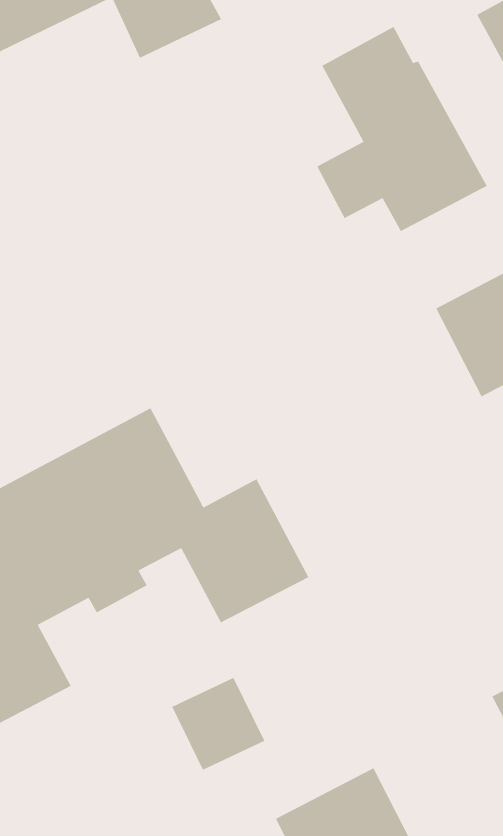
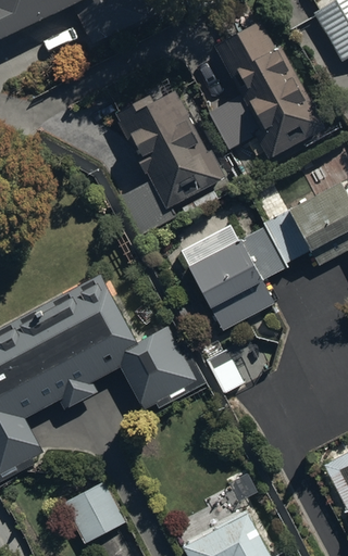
building: none -> [112,87,226,236]
building: none -> [186,212,309,329]
building: [171,677,265,771] -> [65,480,127,542]

